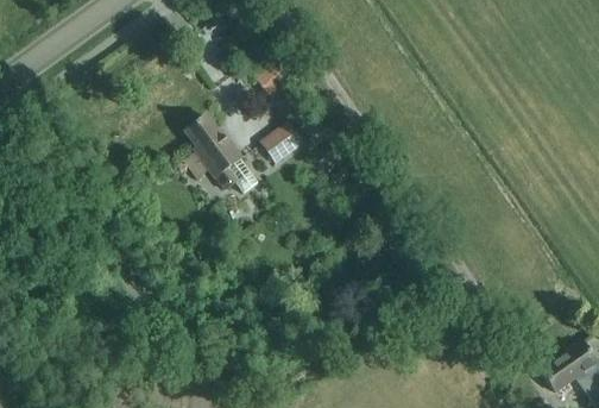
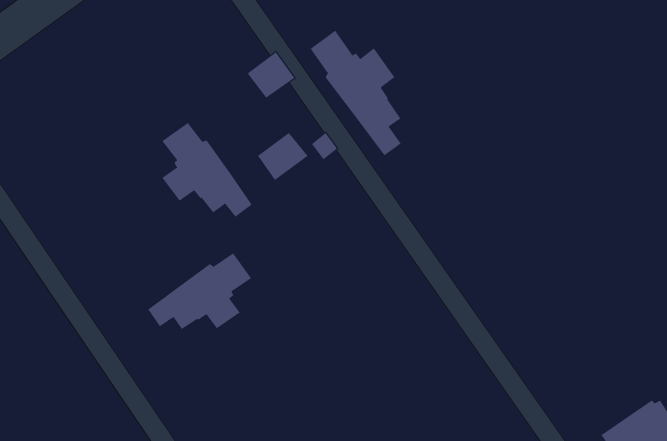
building: none -> [310,30,402,156]
building: none -> [148,253,252,330]

